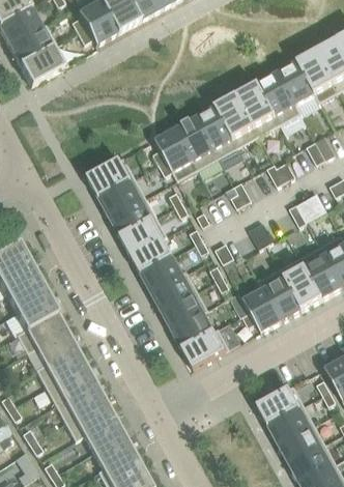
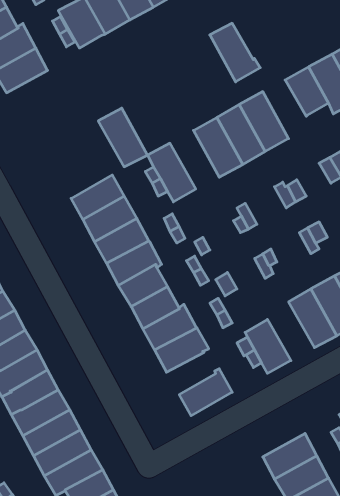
building: [257,73,302,124] -> [210,23,260,82]
building: [175,117,219,169] -> [98,108,148,167]
building: [258,268,303,320] -> none
building: [172,313,216,350] -> none

